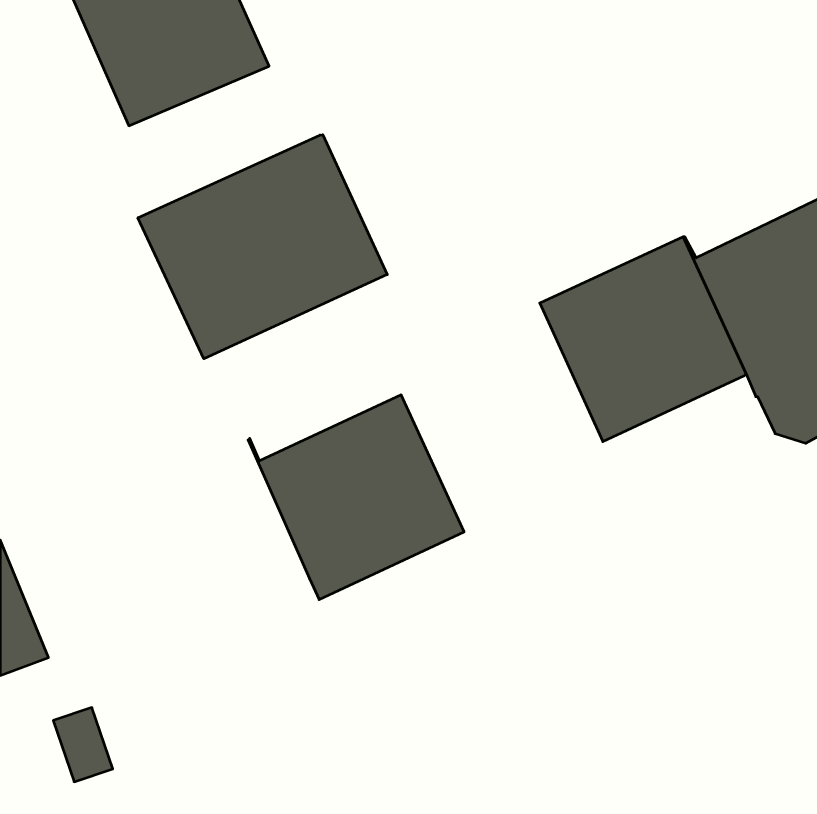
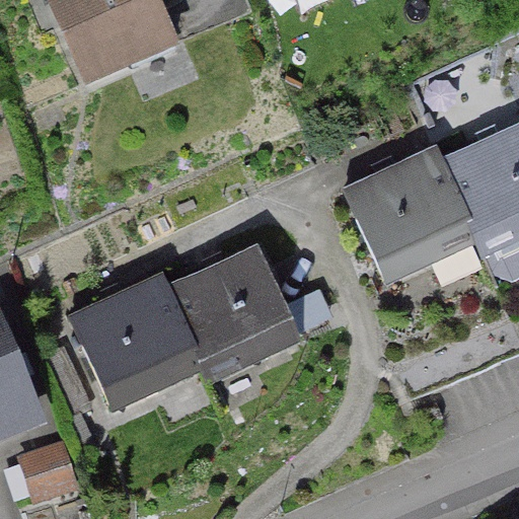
building: [138,135,387,359] -> none
building: none -> [69,277,199,404]

